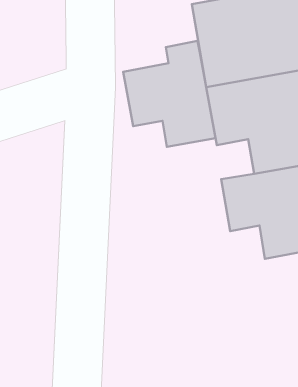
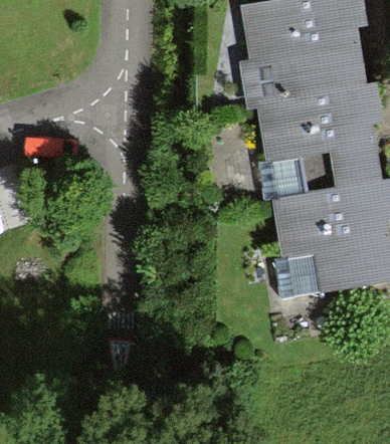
building: [123,41,215,147] -> none

